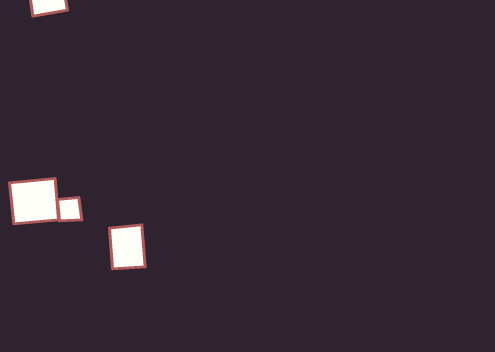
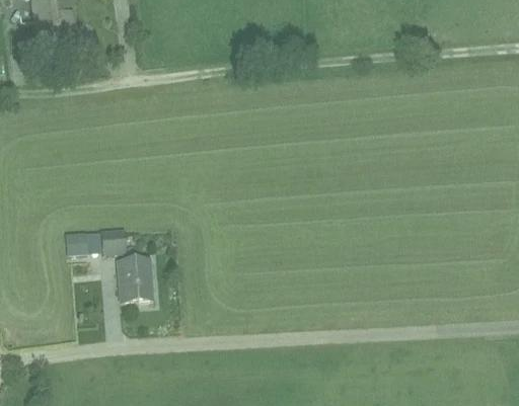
building: [10,179,58,224] -> none
building: none -> [101,228,126,252]

